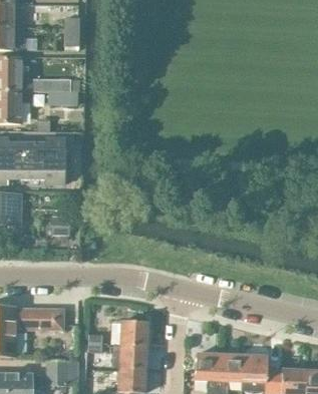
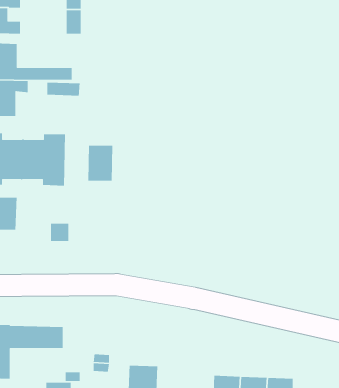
building: none -> [88,145,113,181]
building: [120,320,147,345] -> none

